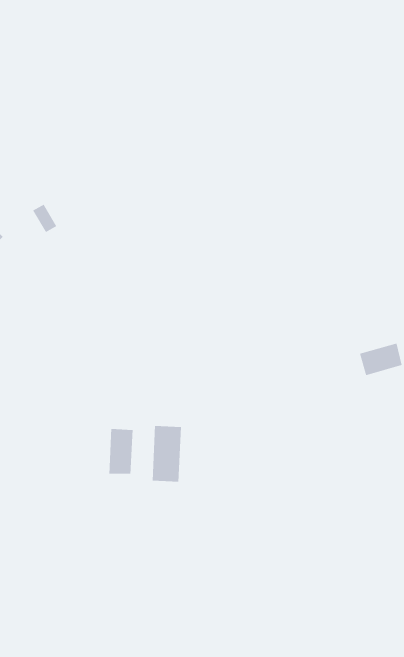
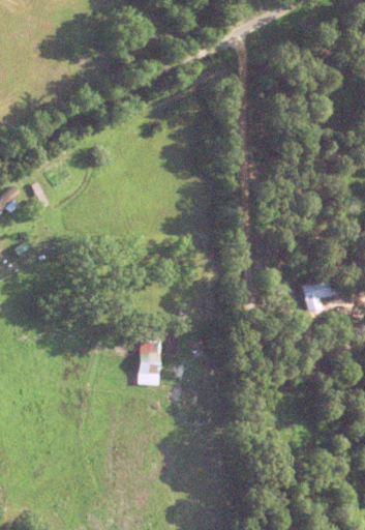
building: [109,428,133,475] -> none

